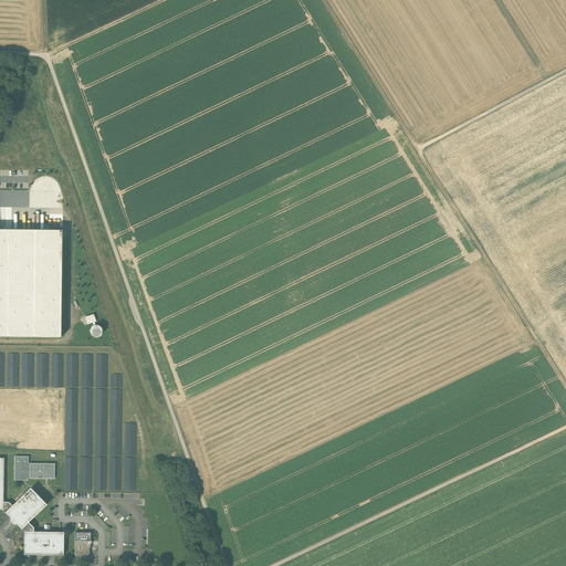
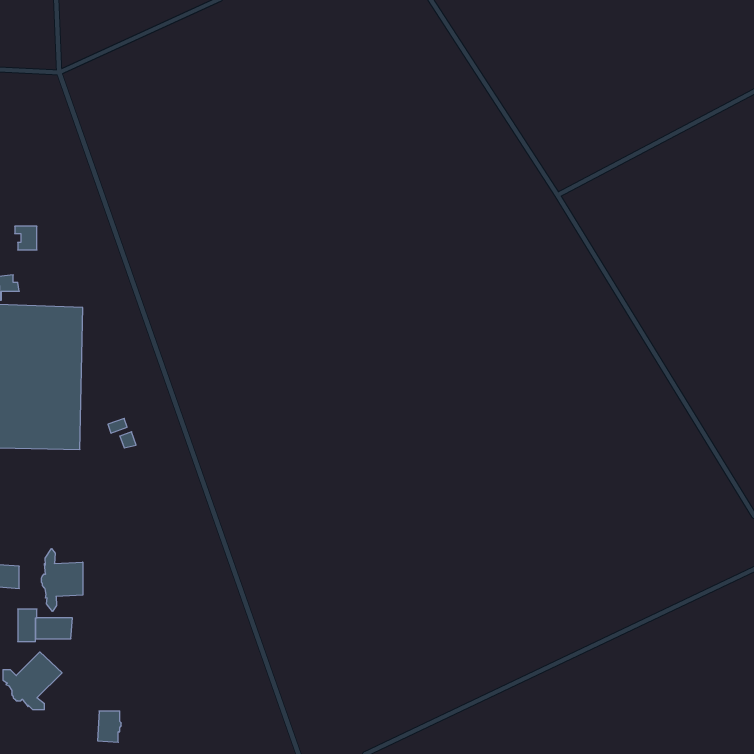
building: none -> [42,549,83,611]
building: [24,531,65,554] -> none

